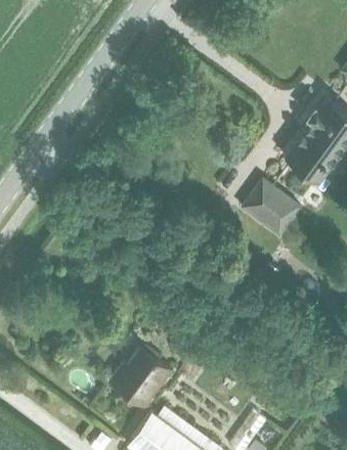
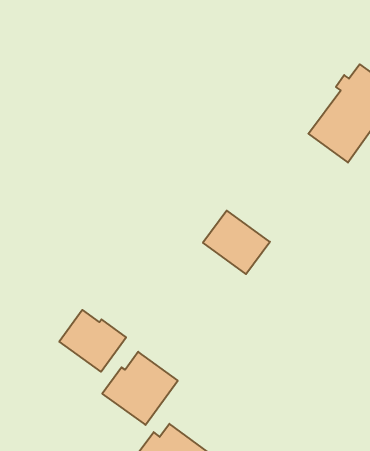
building: [241,180,298,234] -> [203,211,270,274]
building: none -> [59,310,126,372]

